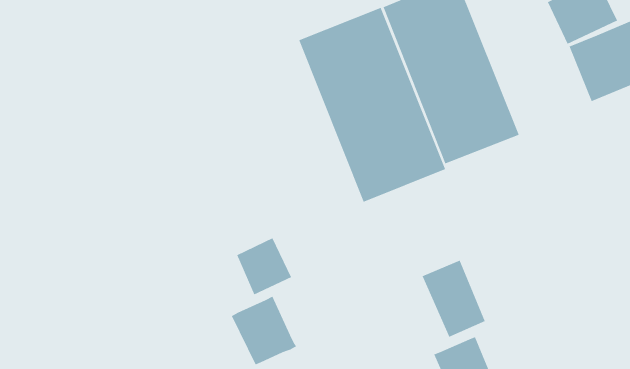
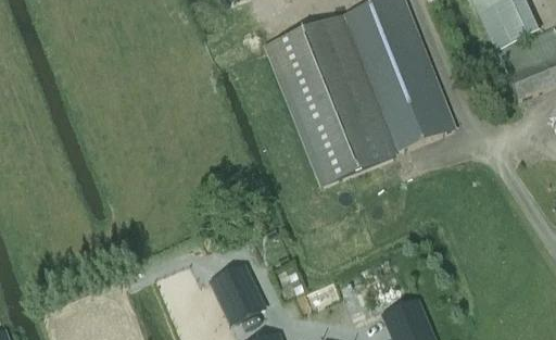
building: [236,237,292,295] -> none
building: [421,259,486,338] -> none

